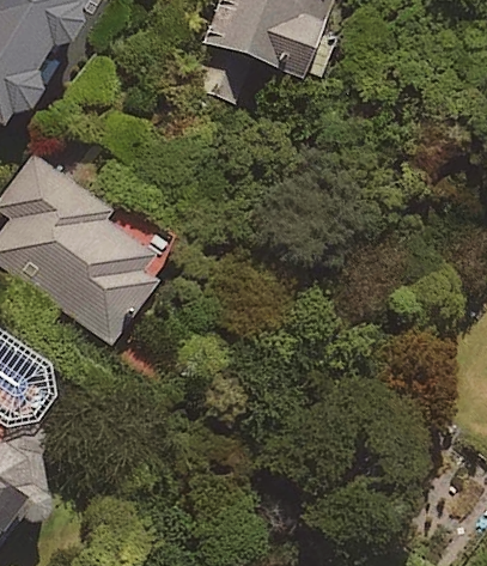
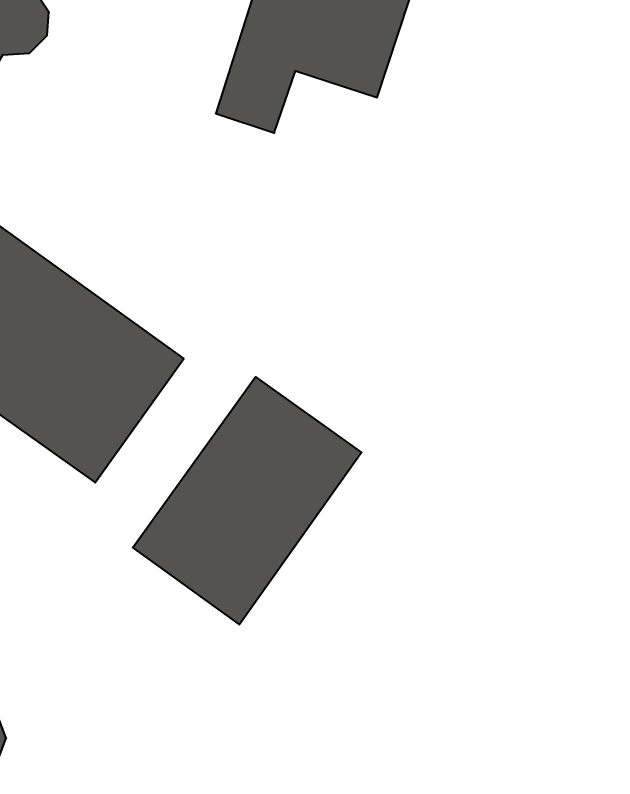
building: none -> [133,377,362,625]

